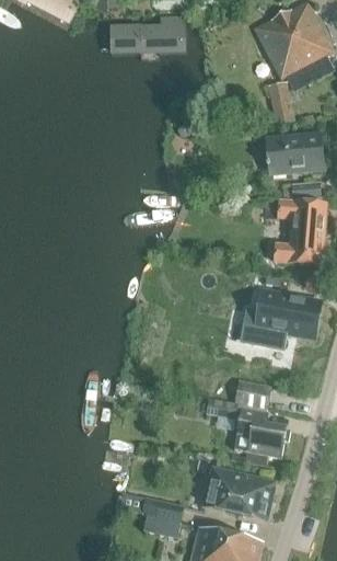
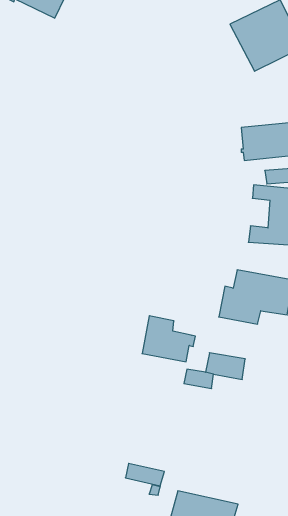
building: [105,13,182,54] -> none
building: [268,81,293,123] -> none
building: [233,408,290,457] -> [142,316,195,362]
building: [199,467,275,527] -> none

